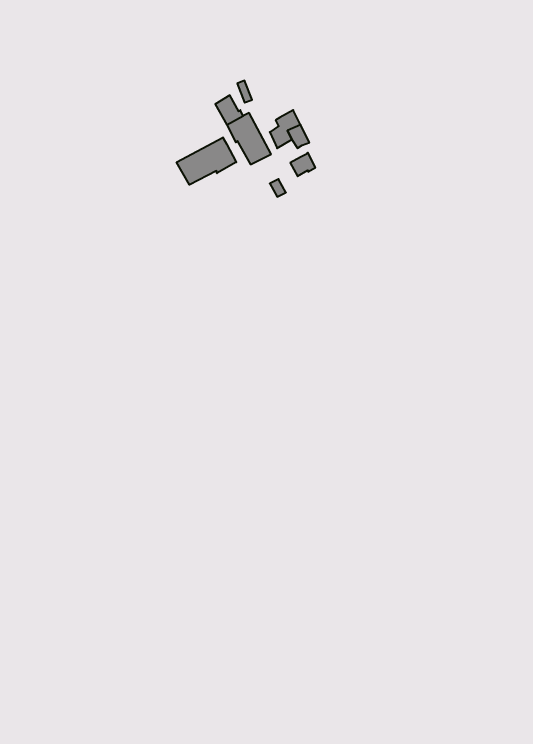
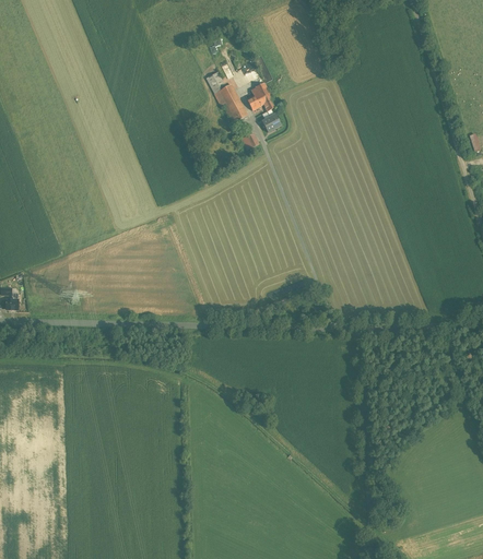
building: [177,137,236,185] -> none

